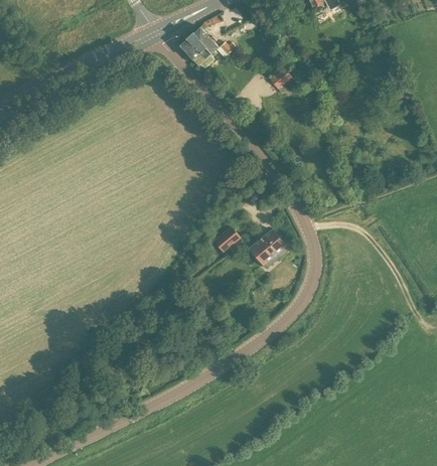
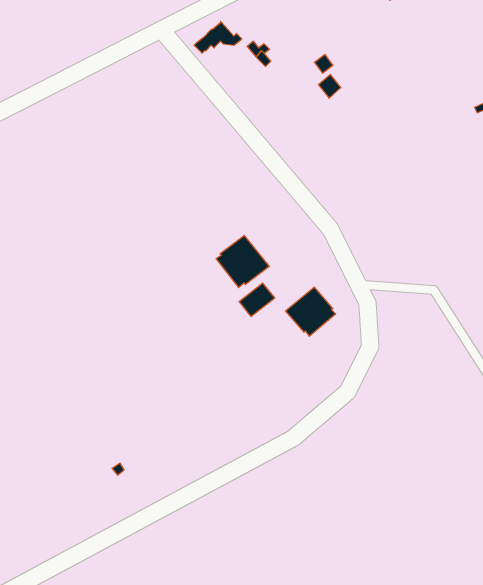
building: [185,42,217,68] -> none
building: none -> [216,235,269,288]

